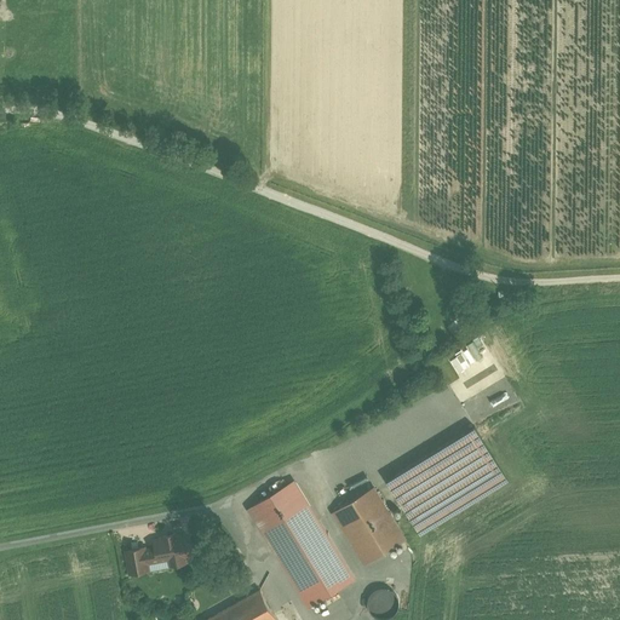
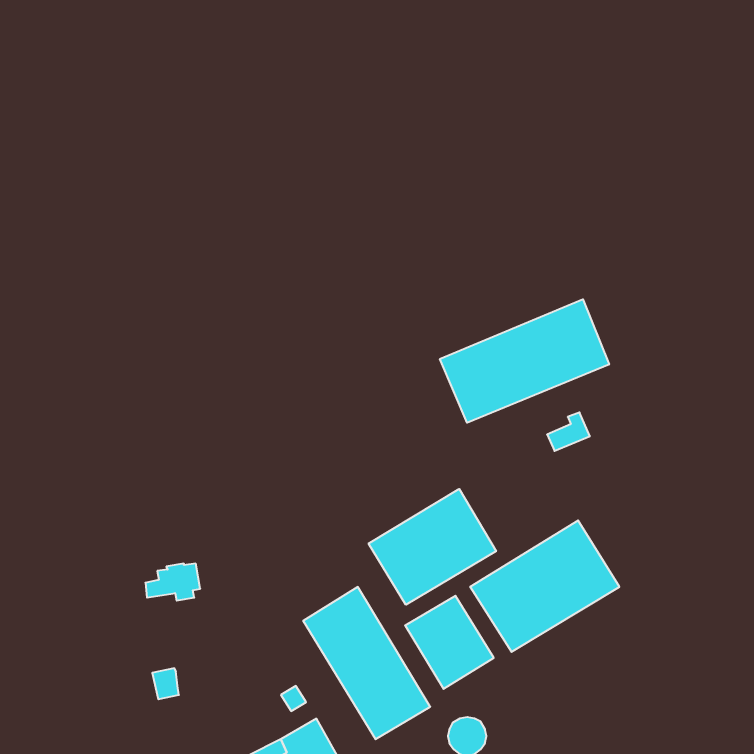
building: none -> [440,299,609,423]
building: none -> [369,489,496,605]
building: [144,535,189,566] -> [145,564,200,601]

